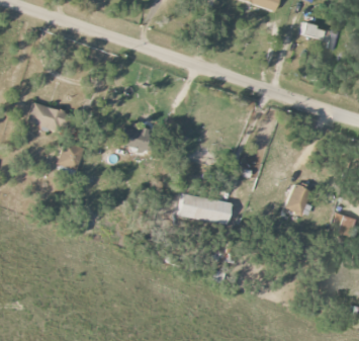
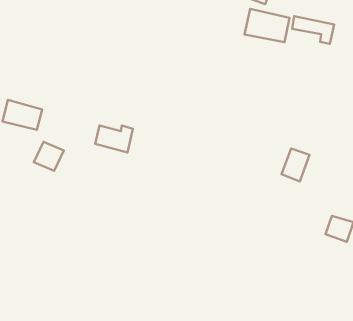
building: none -> [244,9,290,42]
building: [284,184,310,216] -> [281,148,309,182]
building: [178,194,232,225] -> none

